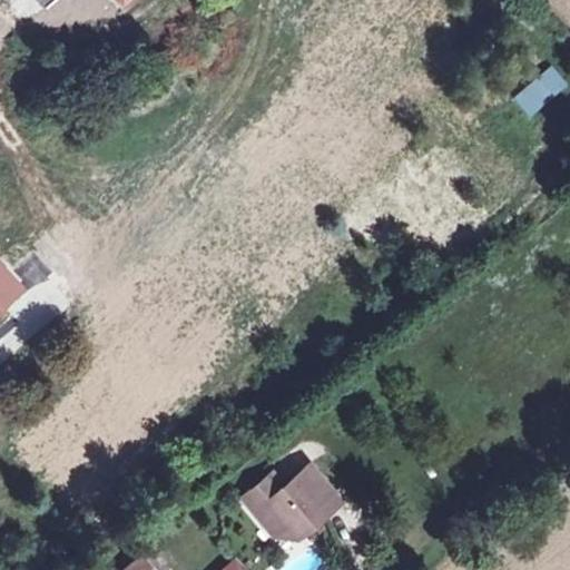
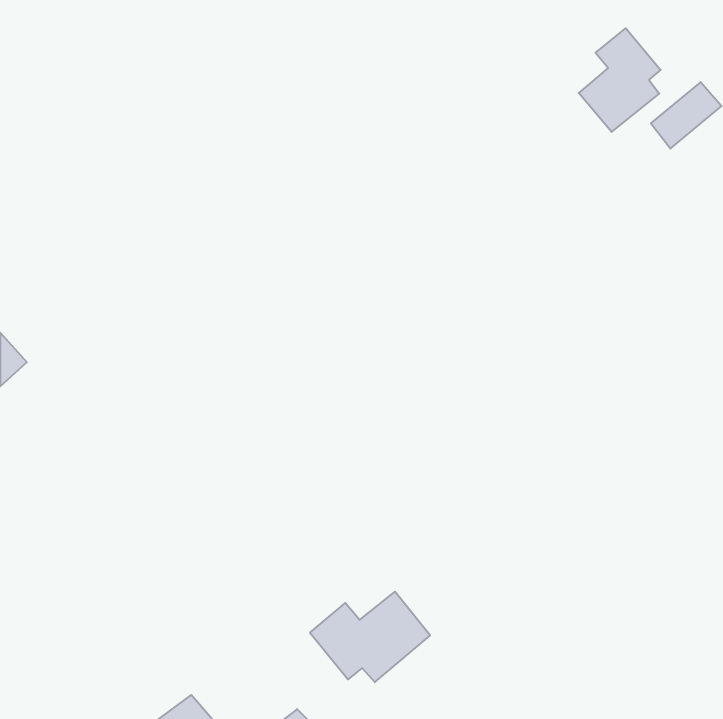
building: none -> [579,28,661,132]

